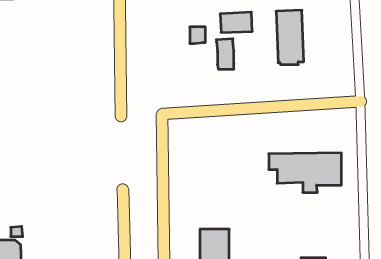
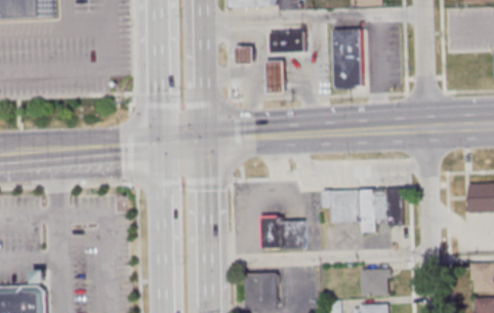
building: none -> [261,217,308,250]
building: none -> [360,269,389,297]

